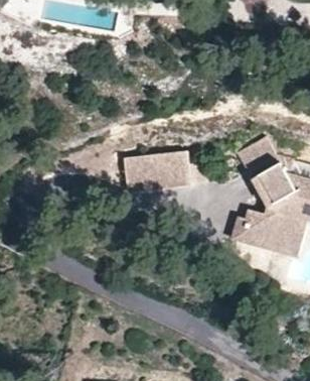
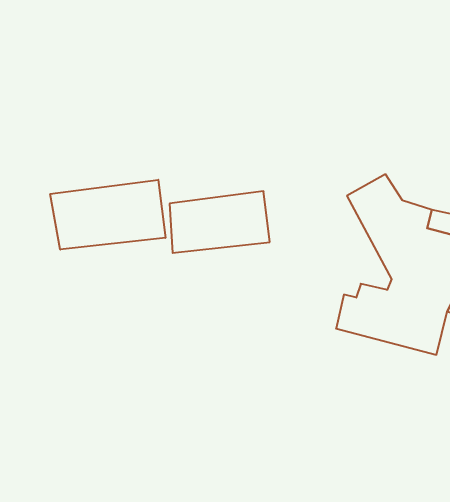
building: none -> [50,180,165,250]

